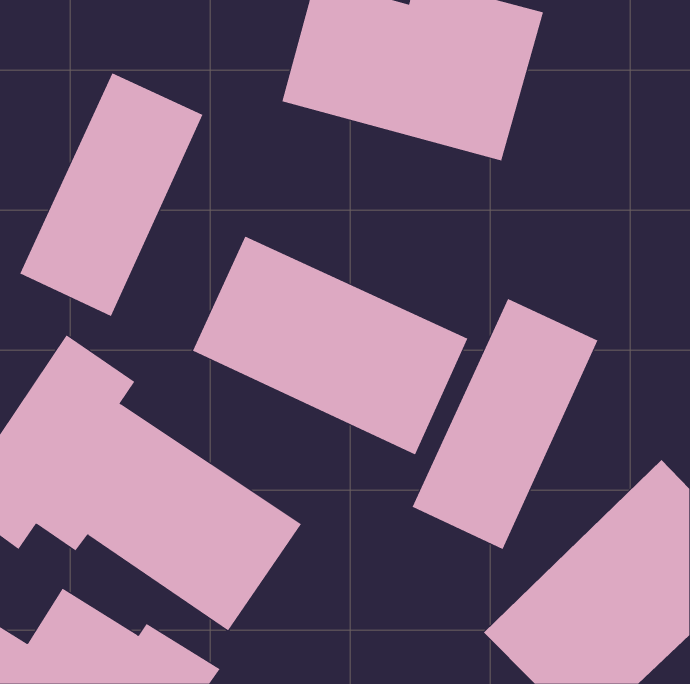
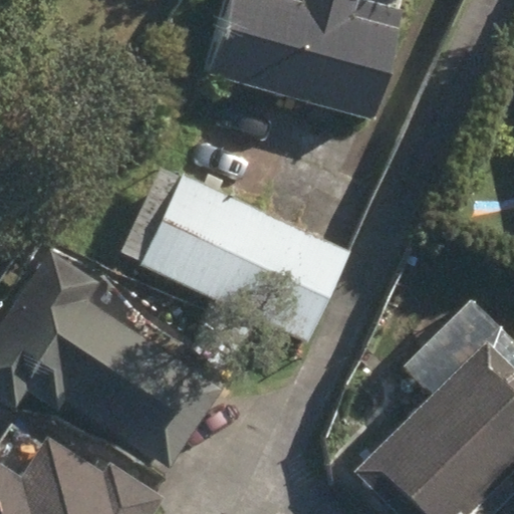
building: [20,73,203,317] -> none
building: [412,298,598,550] -> none

